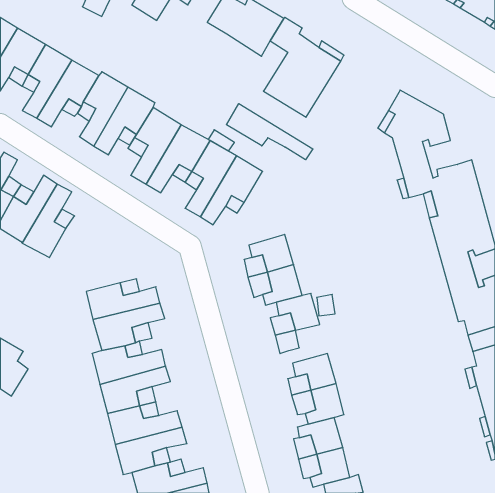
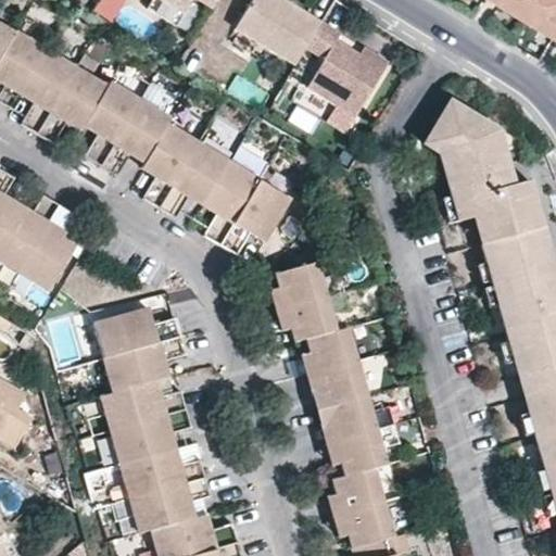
building: [226,104,313,160] -> none
building: none -> [473,156,513,200]
building: none -> [324,364,367,407]

